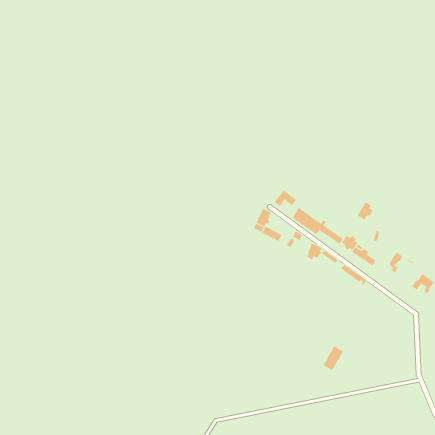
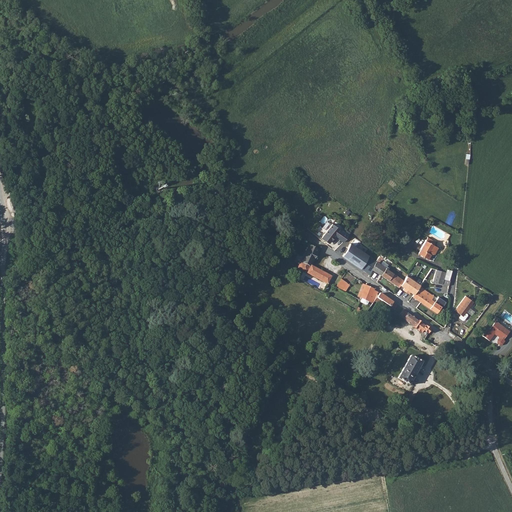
building: [323,346,344,371] -> [398,355,423,385]

